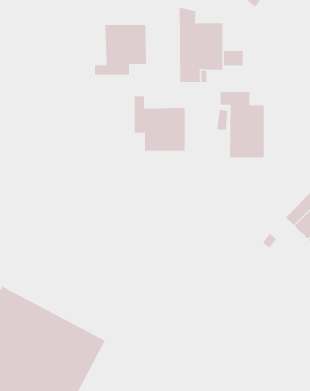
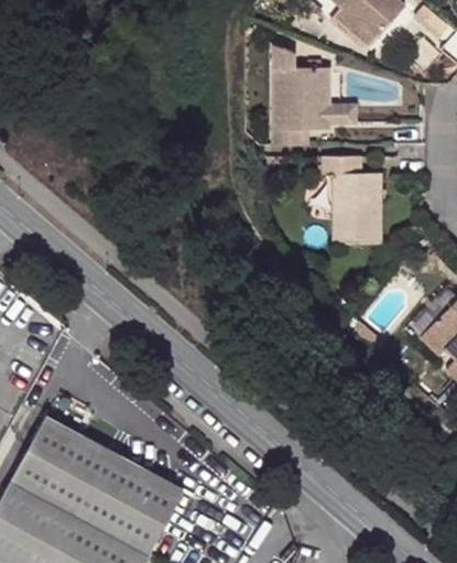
building: [94,24,147,75] -> none
building: [134,96,185,152] -> none

